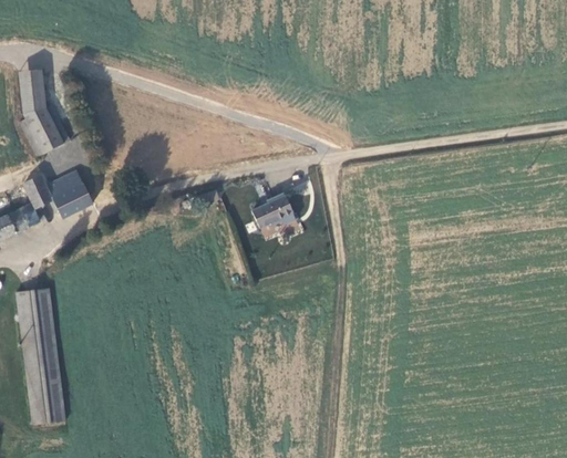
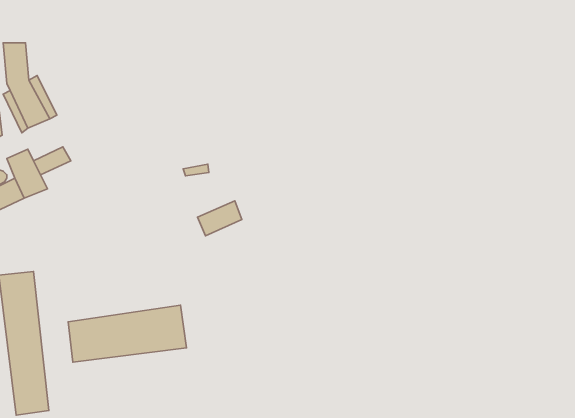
building: [55,184,92,214] -> none
building: [250,195,292,228] -> [197,201,242,236]
building: none -> [68,305,187,362]

